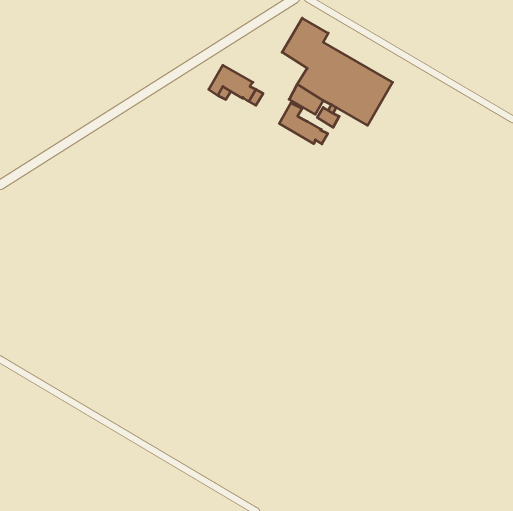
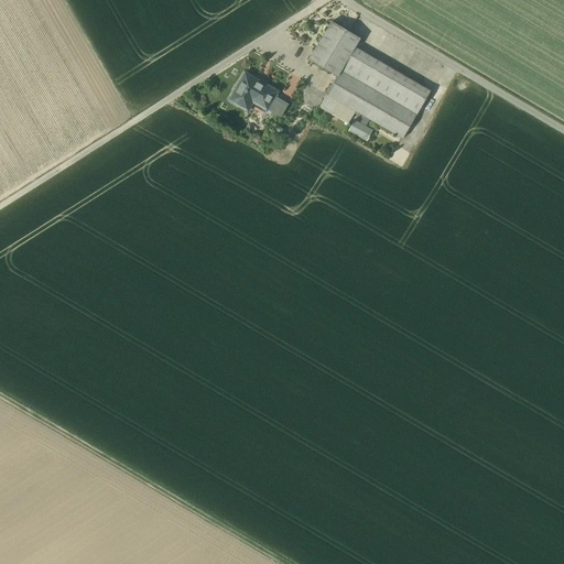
building: [279,103,328,144] -> none

